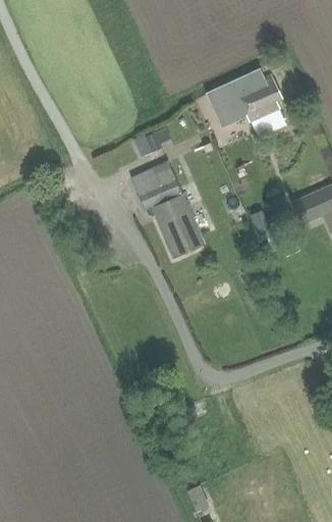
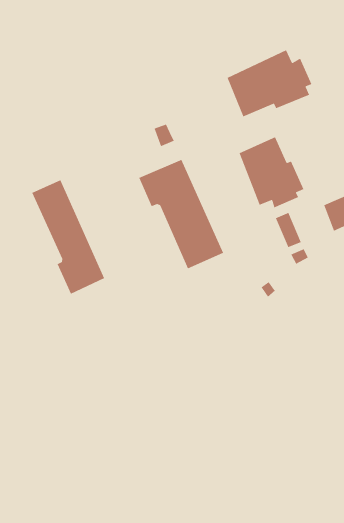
building: none -> [239,136,305,209]
building: none -> [31,179,105,295]

